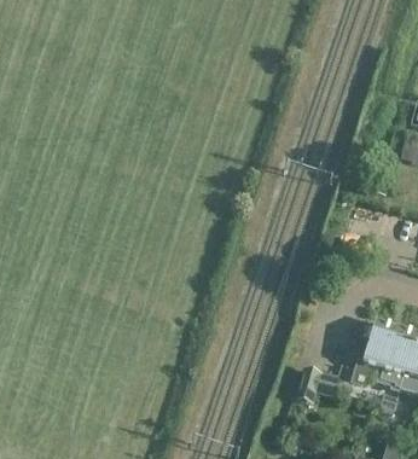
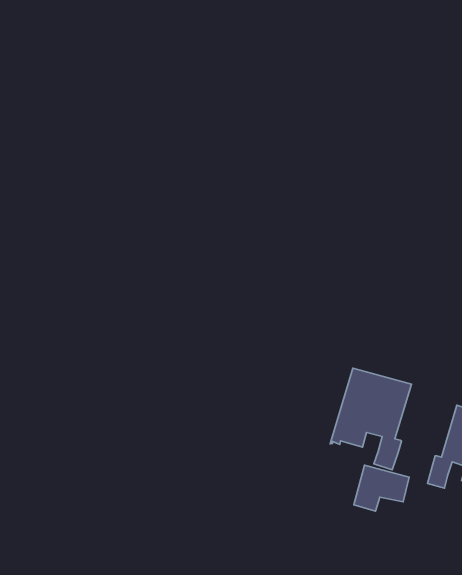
building: none -> [330,368,411,470]

